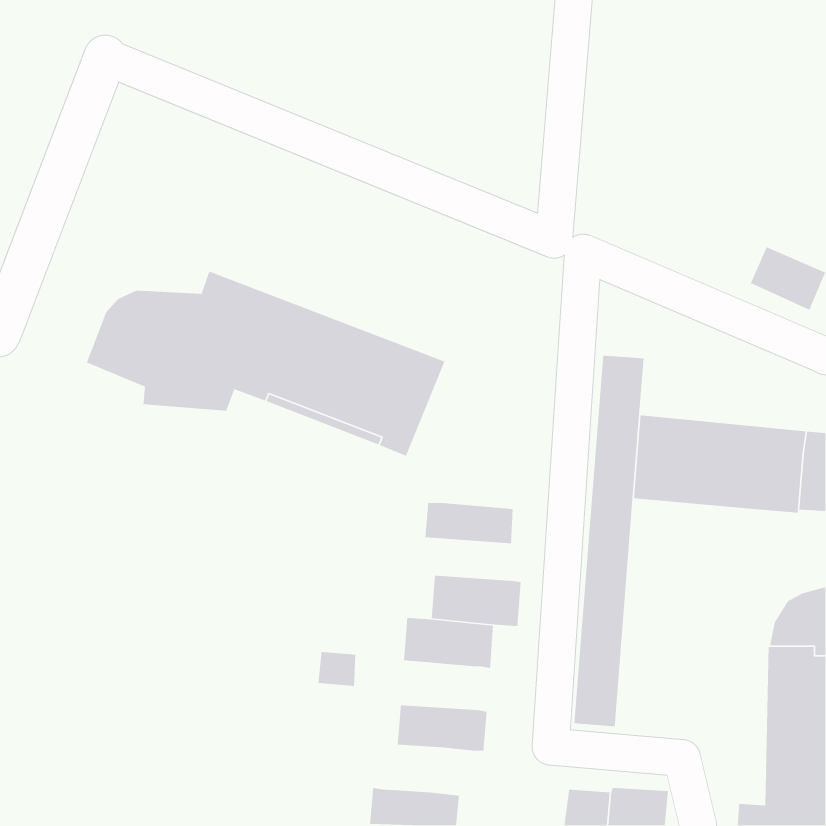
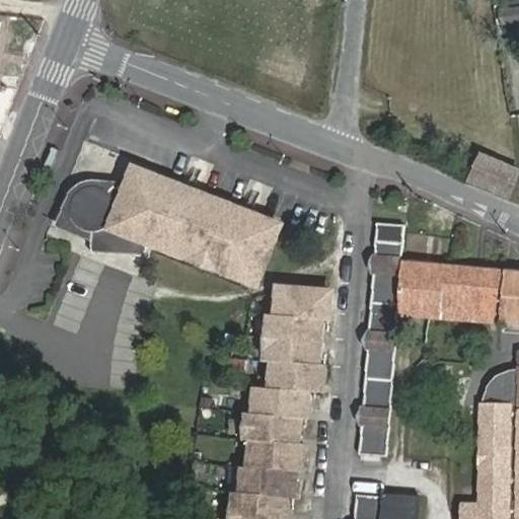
building: none -> [275,287,331,319]
building: none -> [264,337,320,363]
building: none -> [244,413,301,444]
building: none -> [240,465,297,498]

